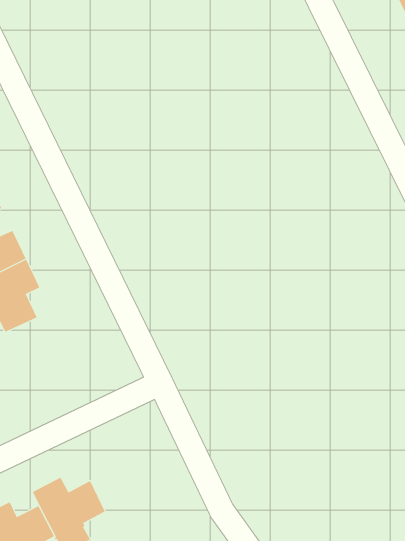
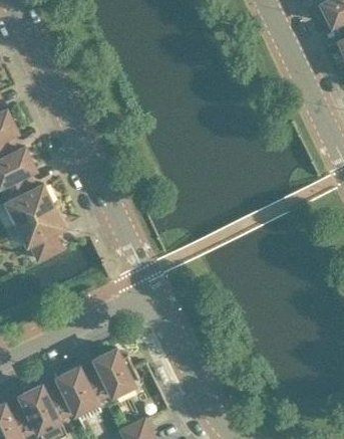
building: none -> [93,349,137,396]

